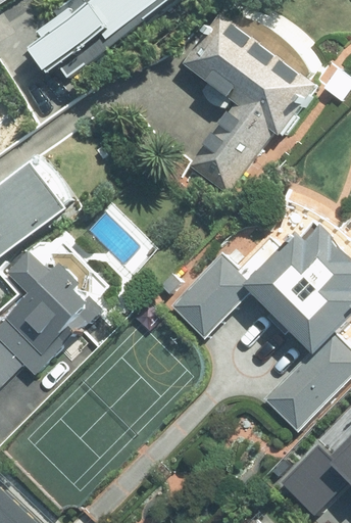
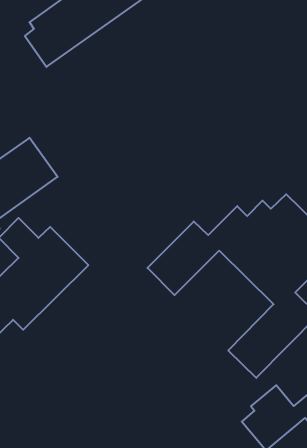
building: [183,13,315,196] -> none

